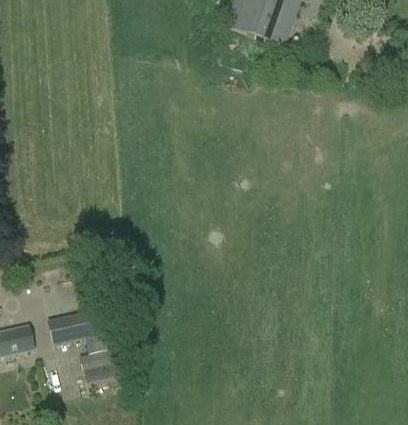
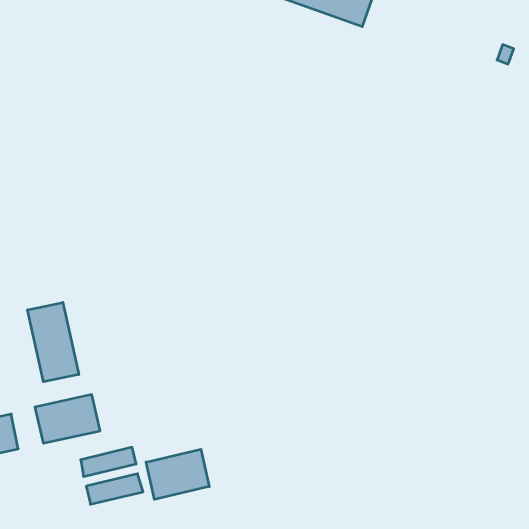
building: none -> [28,302,79,382]
building: none -> [146,449,209,499]

